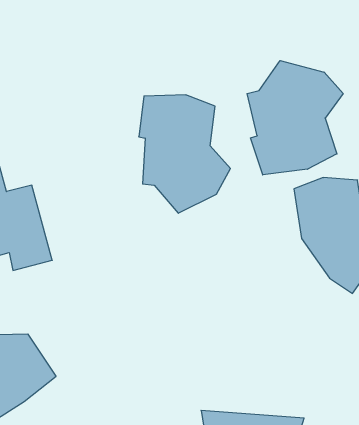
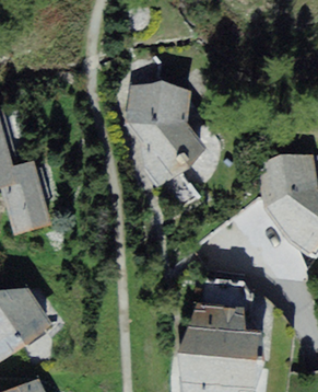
building: [247,61,343,175] -> none
building: none -> [180,277,269,361]

